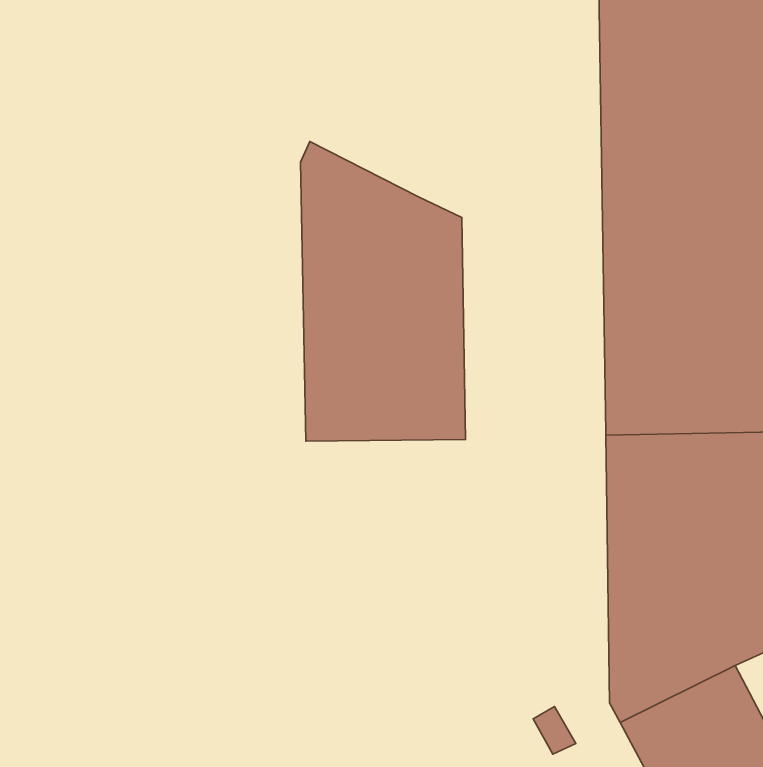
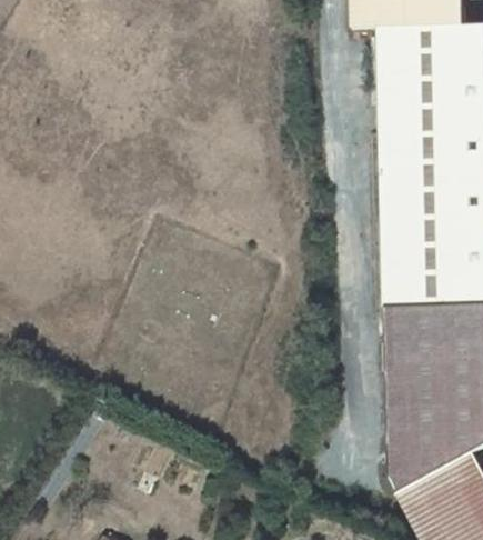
building: [301,141,465,441] -> none

